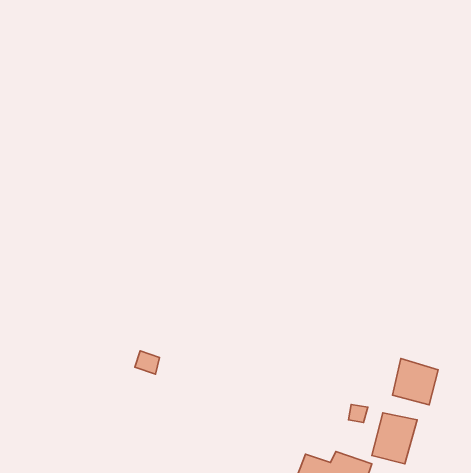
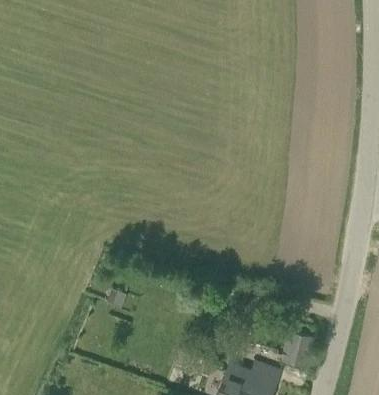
building: [393,358,438,405] -> none

